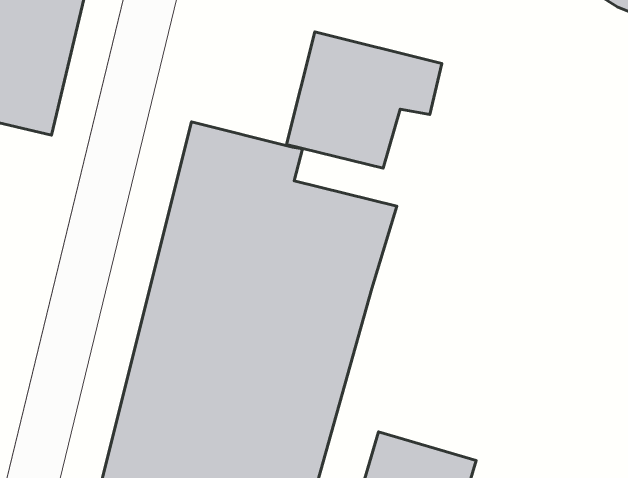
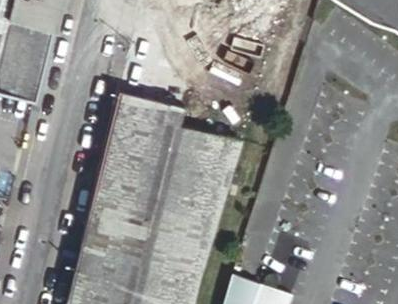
building: [287,32,442,168] -> none

